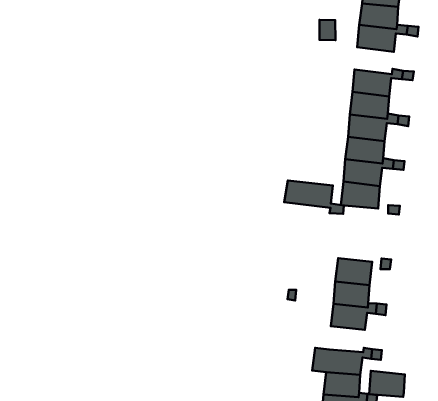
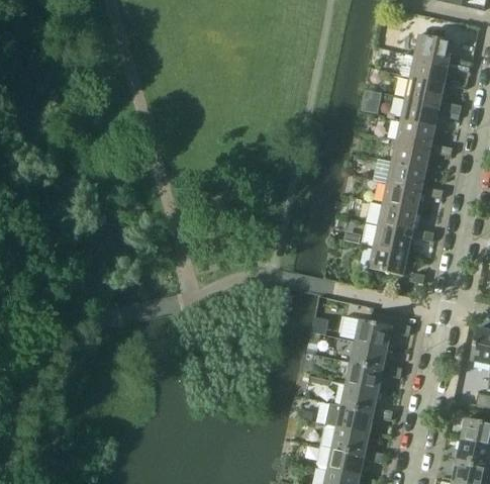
building: none -> [394,120,433,150]
building: [284,180,344,214] -> none
building: [369,371,405,397] -> [340,385,377,413]

